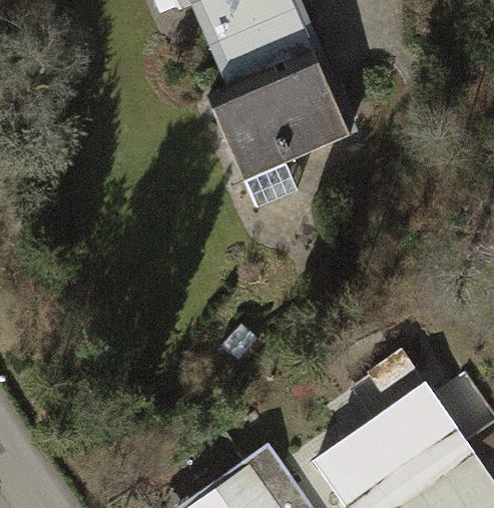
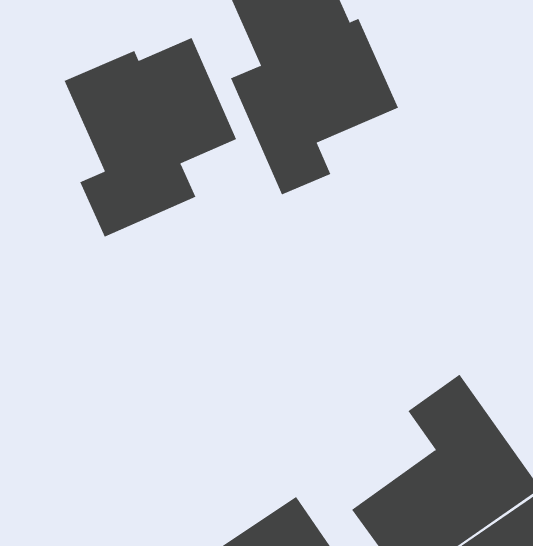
building: none -> [64,37,237,238]

